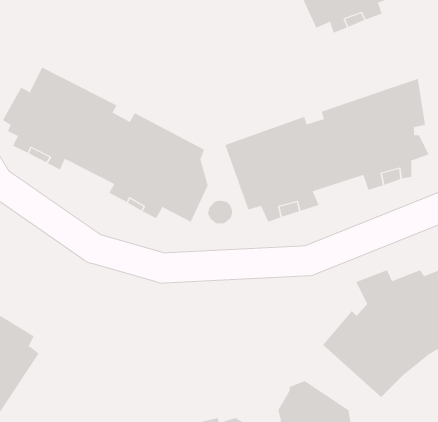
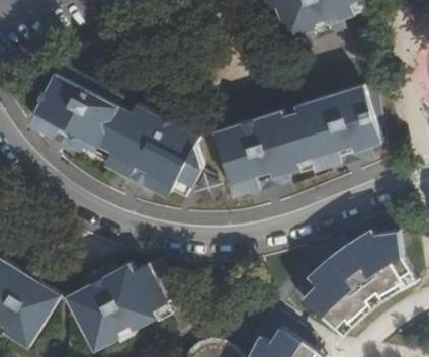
building: none -> [69,261,172,351]

